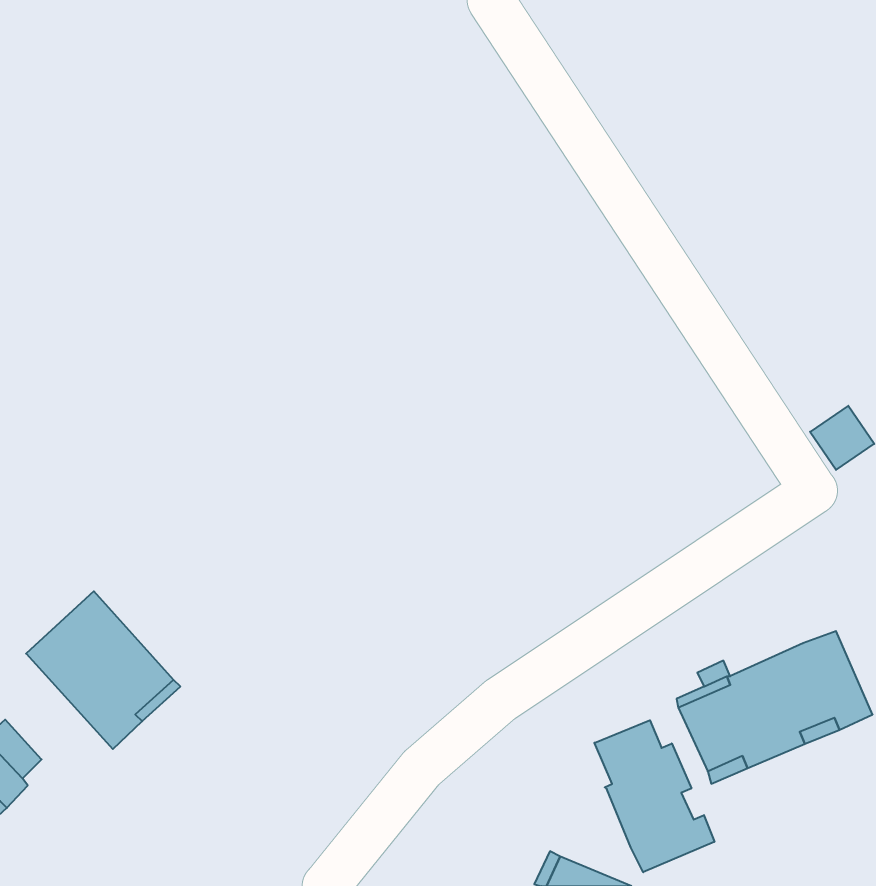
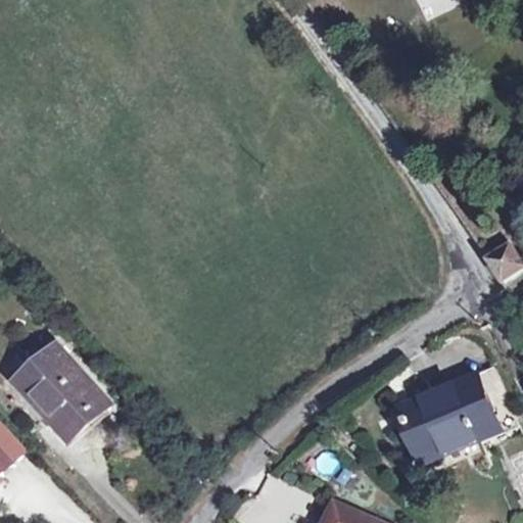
building: [594,720,714,872] -> none

